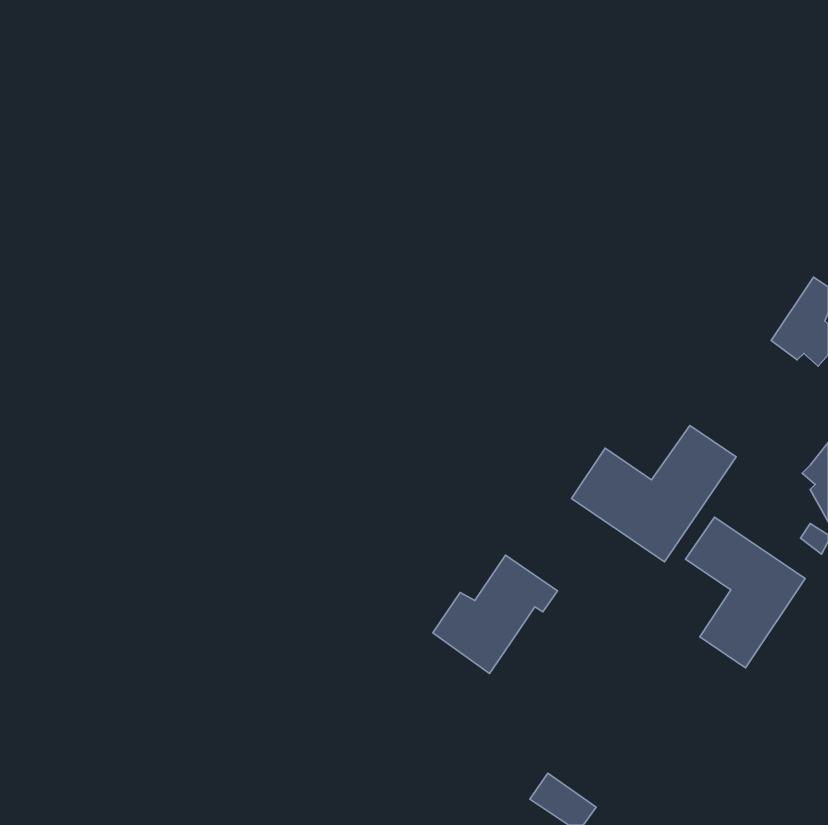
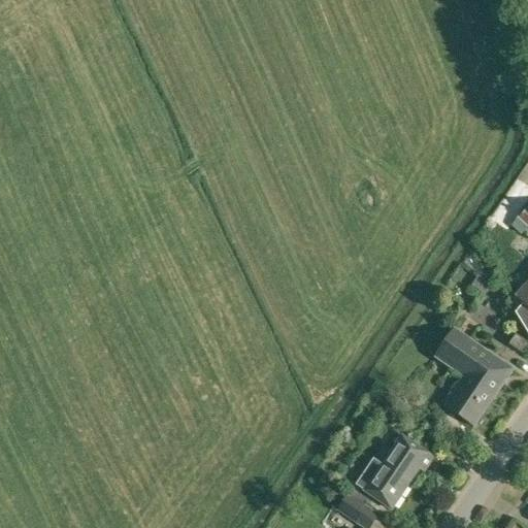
building: [572,425,736,562] -> none
building: [433,555,557,673] -> [355,434,434,509]

